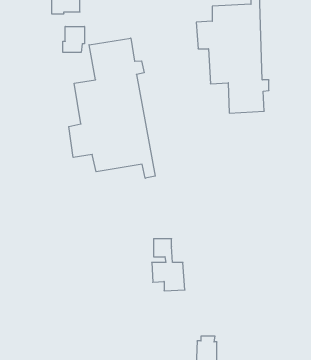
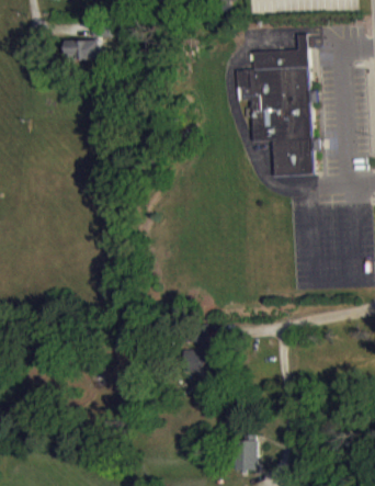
building: [63,26,84,52] -> none
building: [69,38,155,178] -> none

